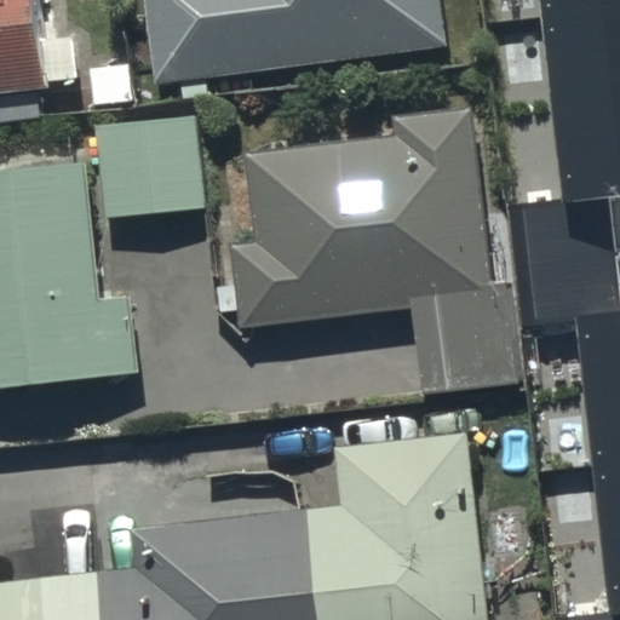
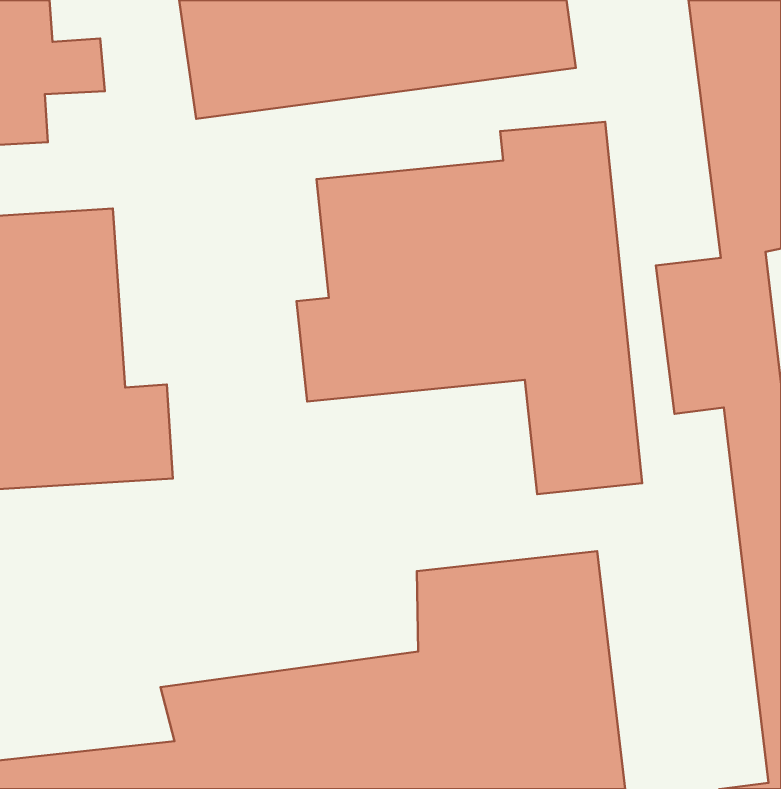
building: [96,107,203,206] -> none

